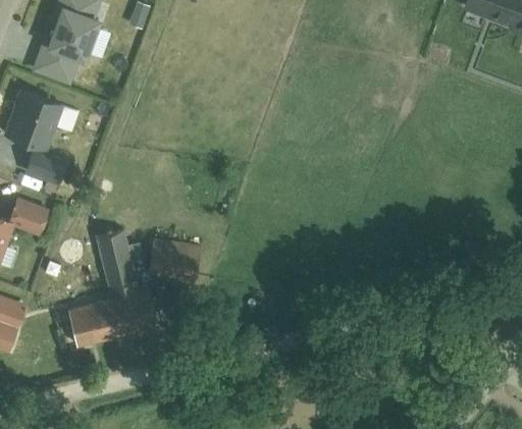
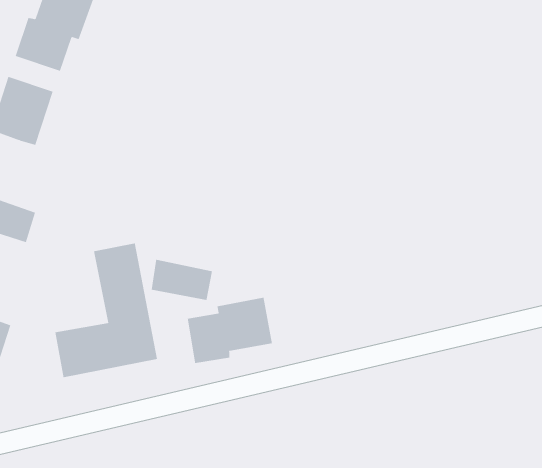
building: [25,144,66,180] -> none
building: none -> [187,297,272,364]

